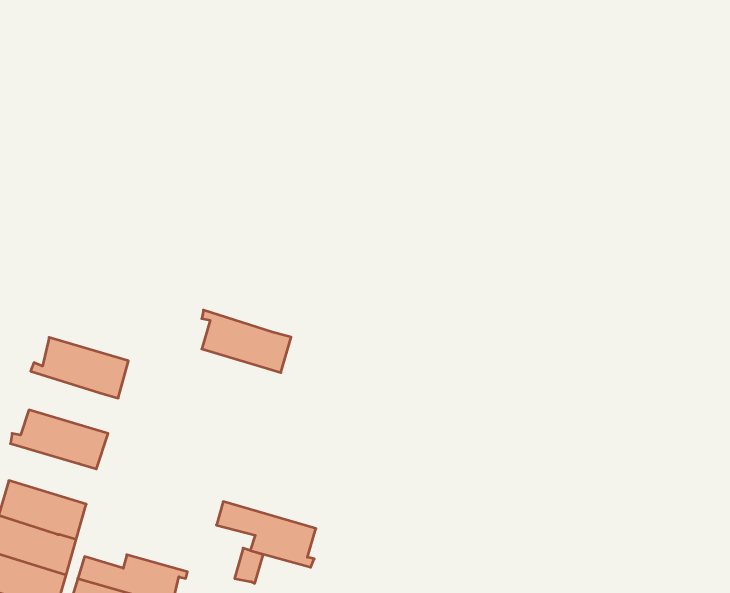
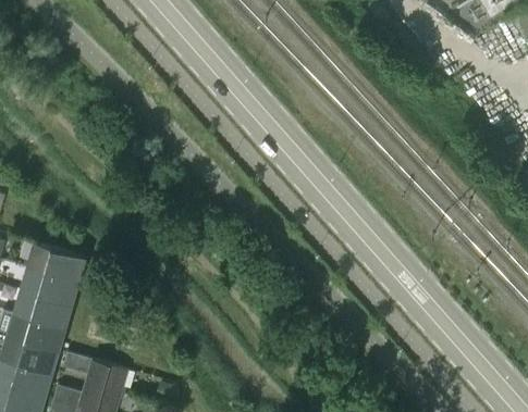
building: [202,310,291,373] -> [22,264,79,304]
building: none -> [9,311,65,350]
building: [216,502,316,567] -> [63,351,127,394]

